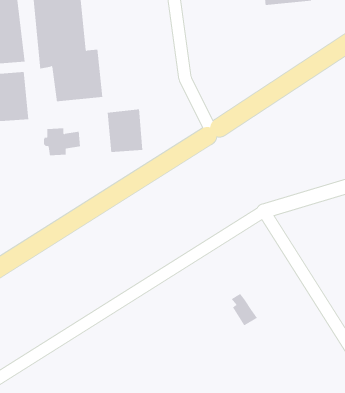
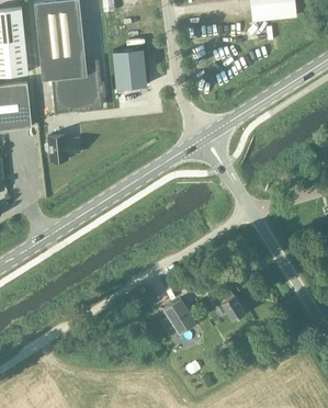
building: [107,109,143,152] -> [113,47,147,88]
building: none -> [163,298,197,335]

